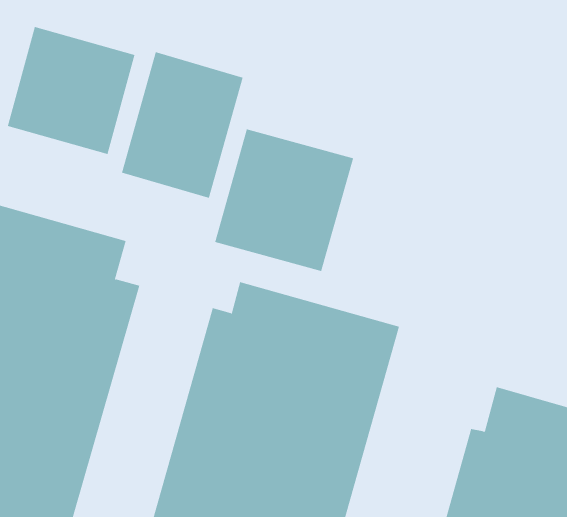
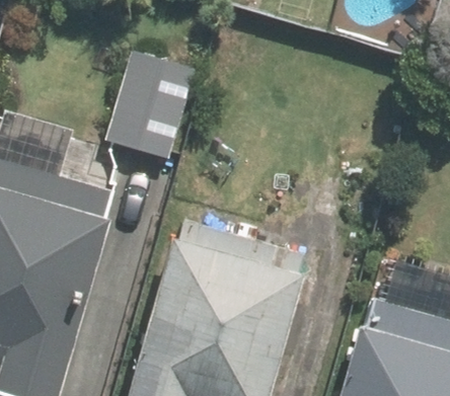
building: [7,26,135,155] -> none
building: [214,129,354,272] -> none

